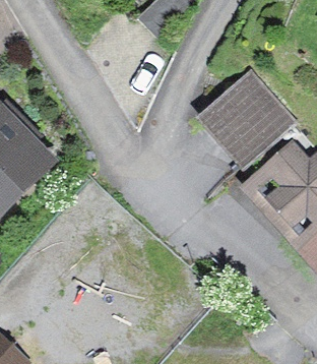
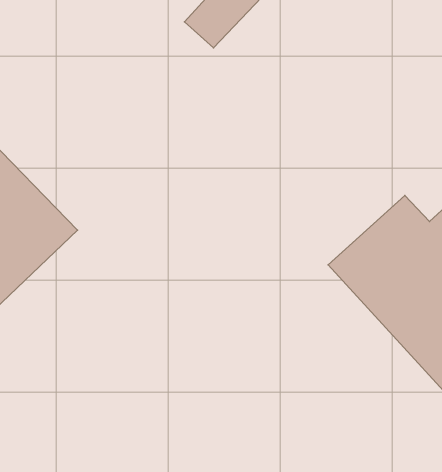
building: [195,67,297,169] -> none

